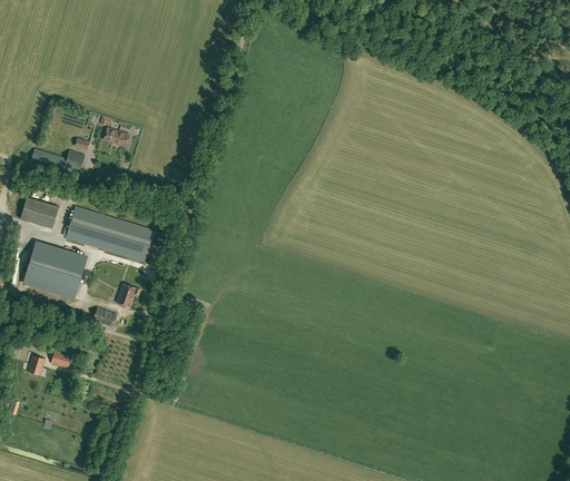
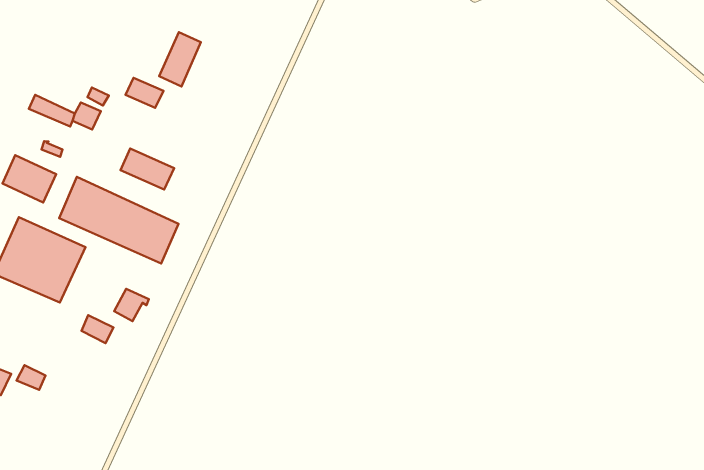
building: none -> [159,32,201,86]
building: none -> [120,149,174,190]

